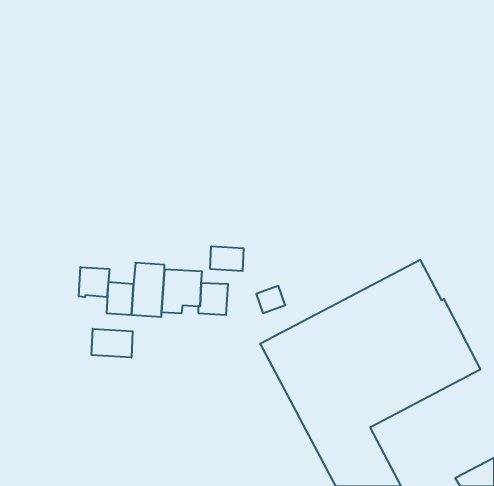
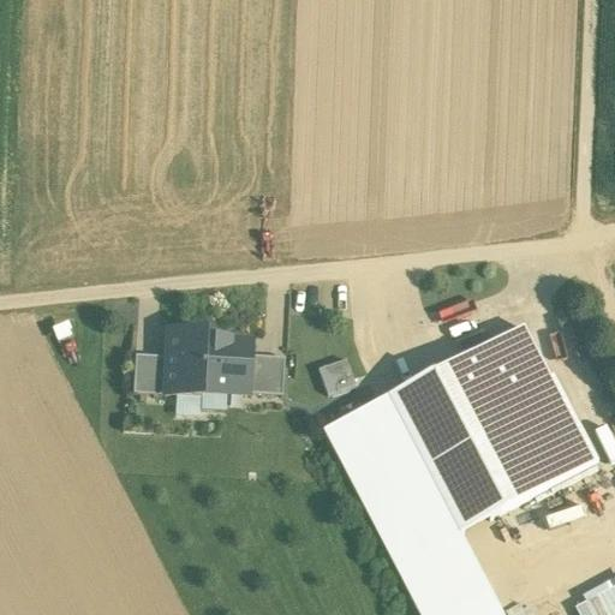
building: [210,246,244,271] -> none
building: [79,267,109,297] -> none
building: [92,329,133,358] -> none

